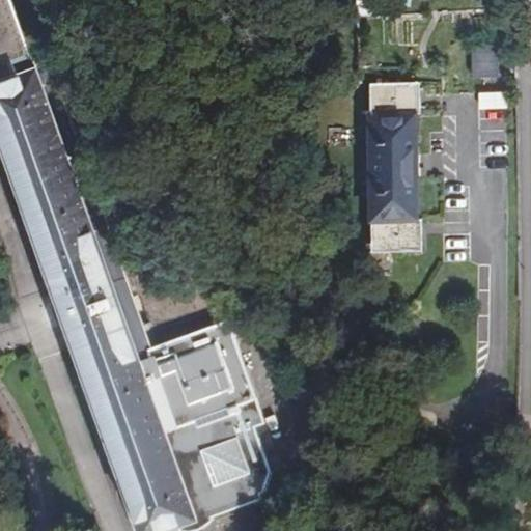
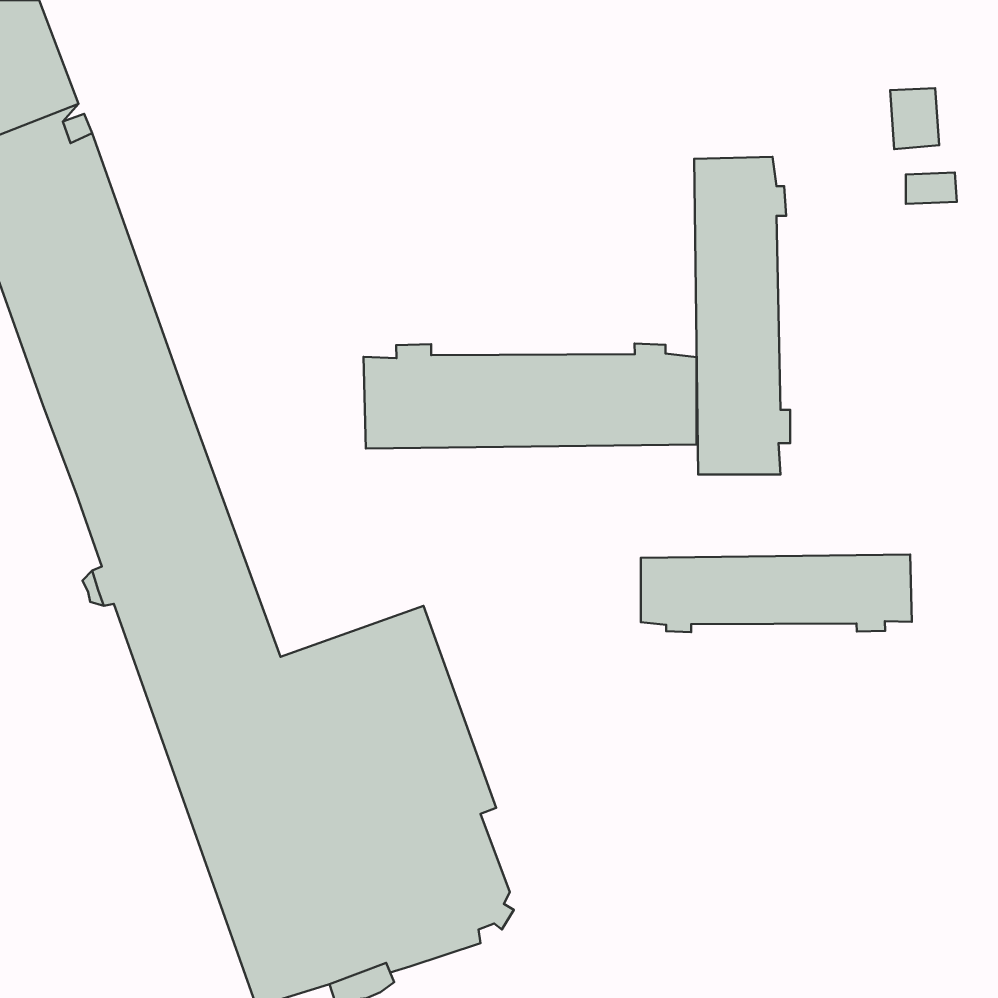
building: none -> [364,343,697,449]
building: none -> [641,554,912,632]

